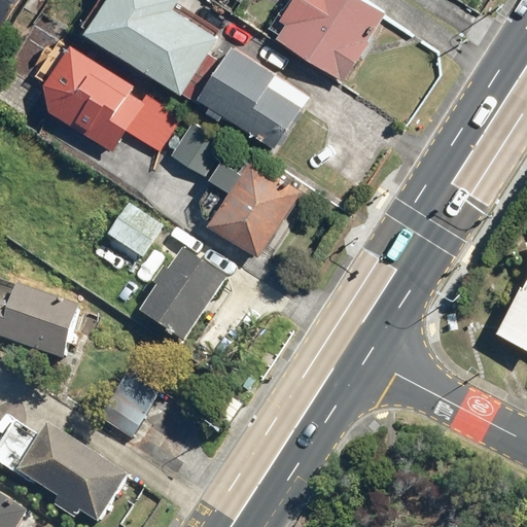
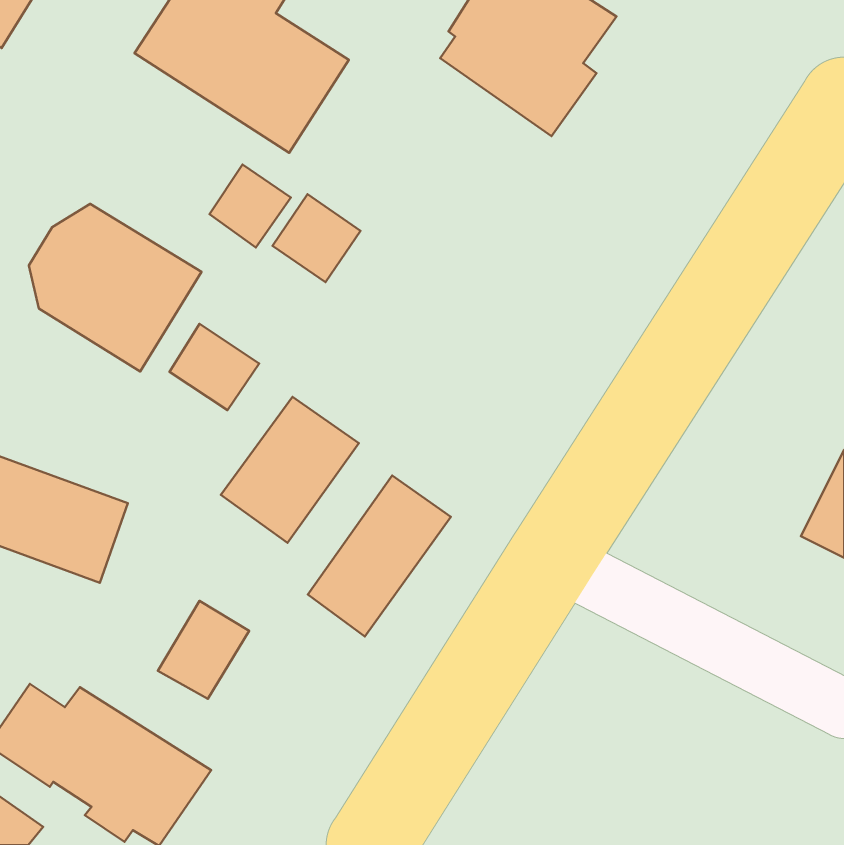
building: [196,45,309,150] -> none
building: [42,46,149,150] -> [29,204,202,372]
building: [209,156,301,255] -> none
building: none -> [308,475,451,637]

